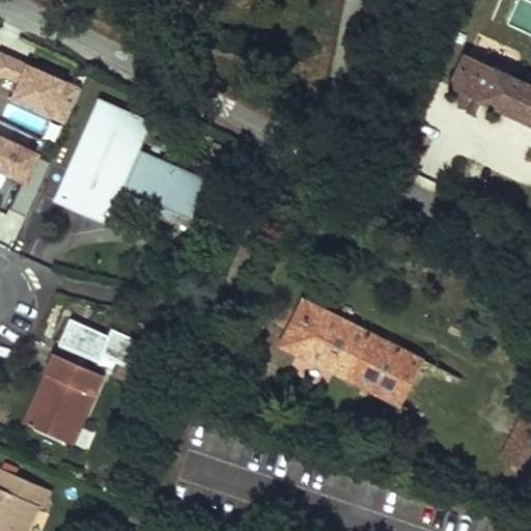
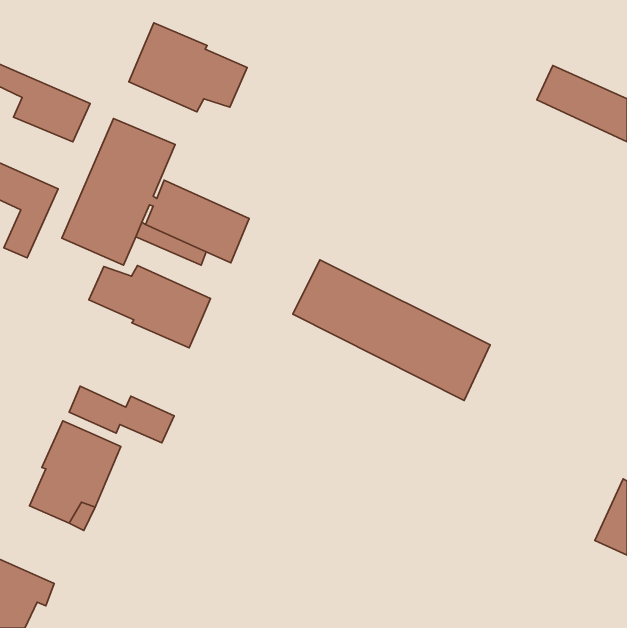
building: none -> [129,23,247,112]
building: none -> [89,266,211,348]
building: [277,300,443,418] -> [293,260,490,400]

